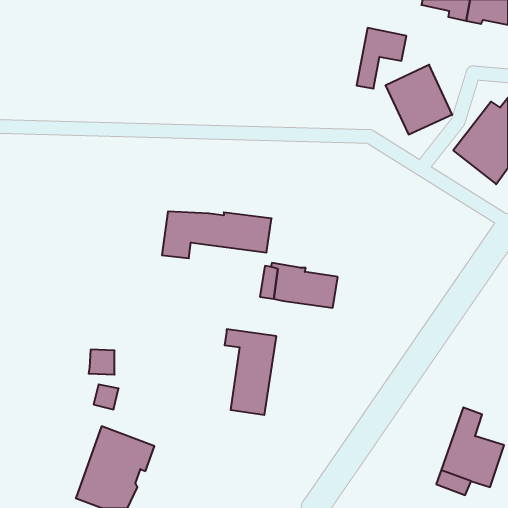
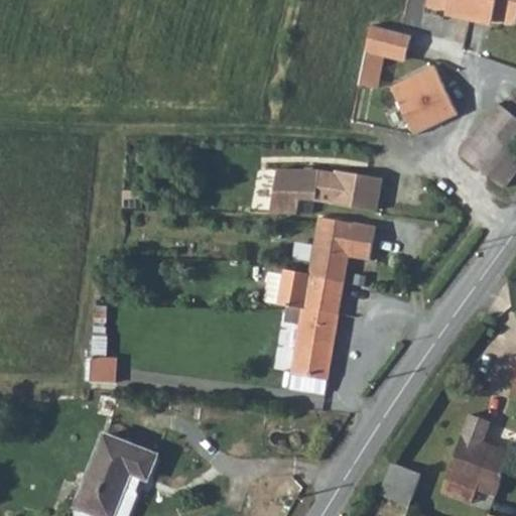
building: [162,211,272,258] -> [272,169,383,217]
building: none -> [308,215,374,280]
building: [225,329,276,415] -> [284,304,337,391]
building: none -> [379,461,420,504]

